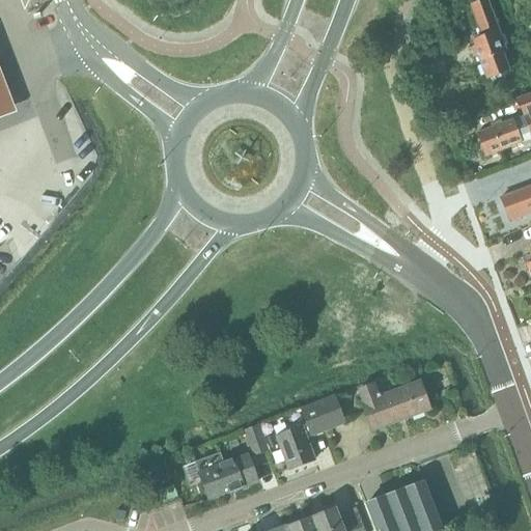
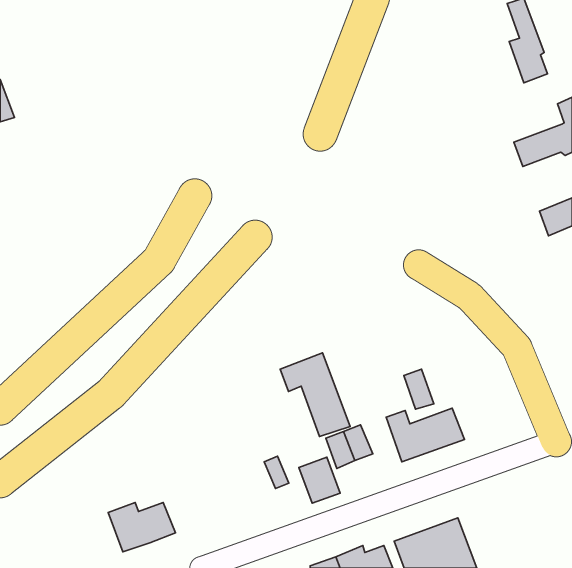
building: none -> [280,353,350,437]
building: none -> [404,369,434,409]
building: [196,451,258,497] -> [108,503,175,552]

